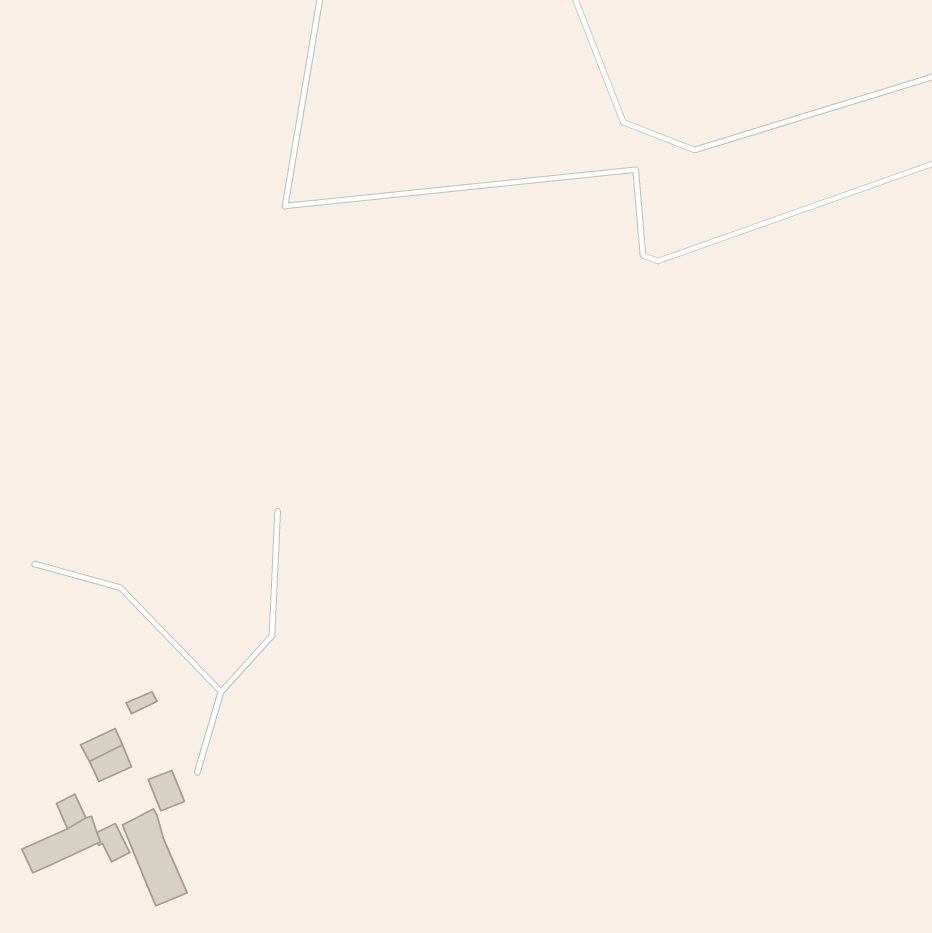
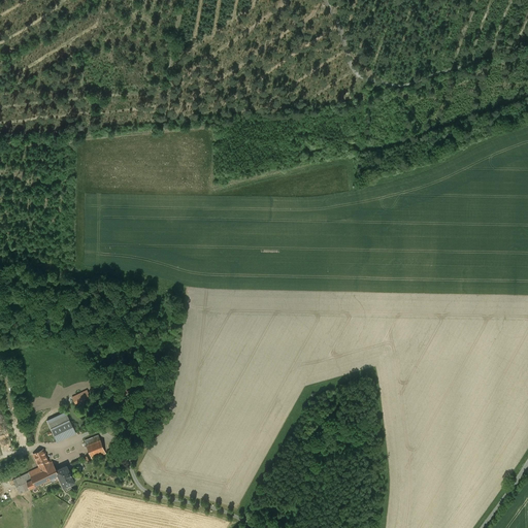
building: [122,809,187,906] -> none

